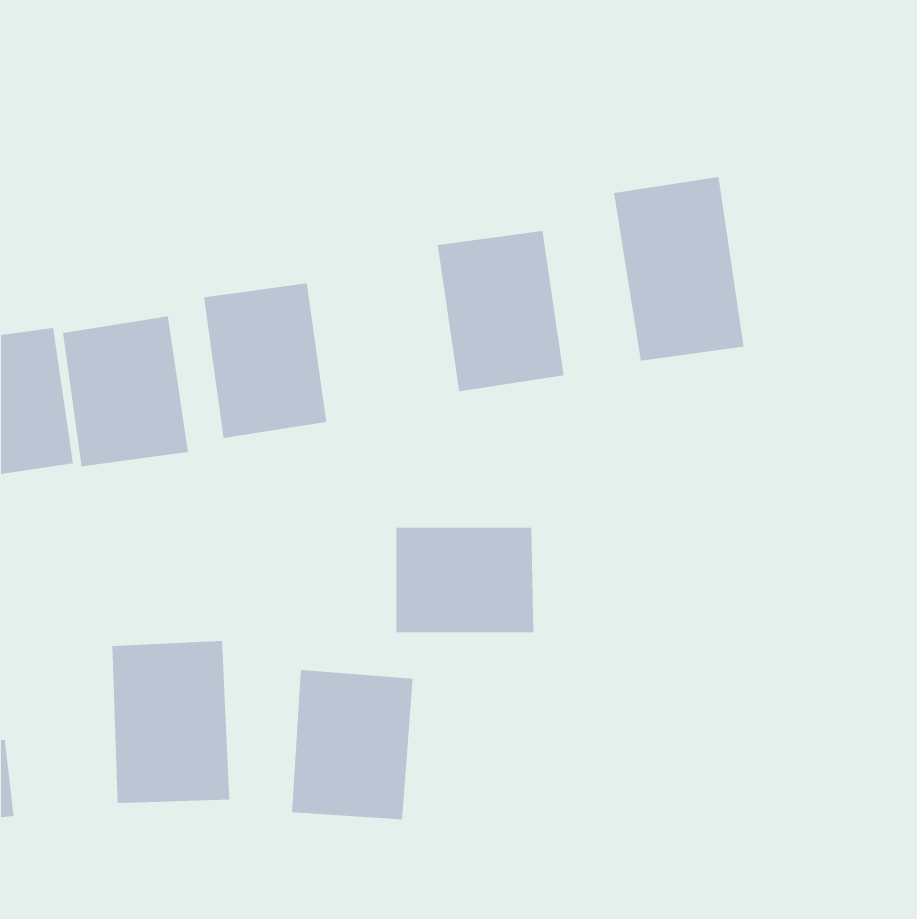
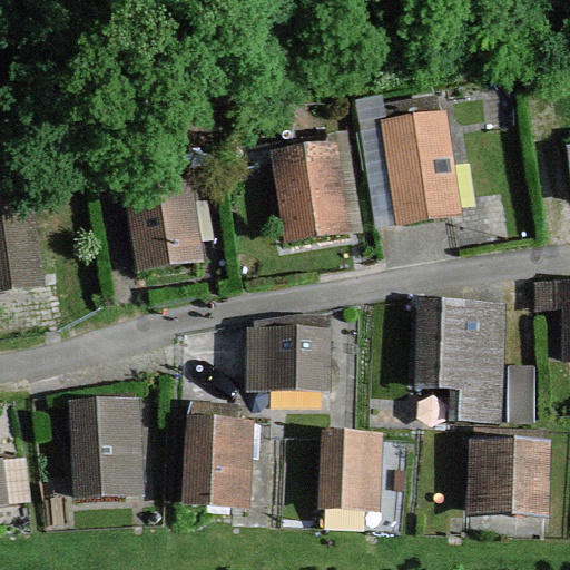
building: [62,316,189,467] -> none
building: none -> [412,296,509,424]
building: none -> [317,429,384,512]
building: none -> [468,439,551,517]

